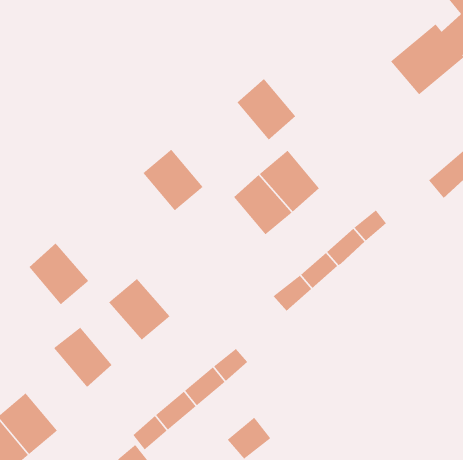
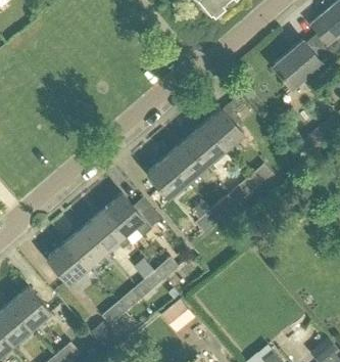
building: [237,78,296,141] -> [204,108,244,150]
building: [142,149,203,211] -> [148,156,189,198]
building: [28,243,89,305] -> [65,227,106,269]
building: none -> [103,194,144,236]

